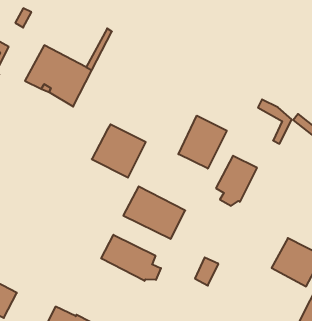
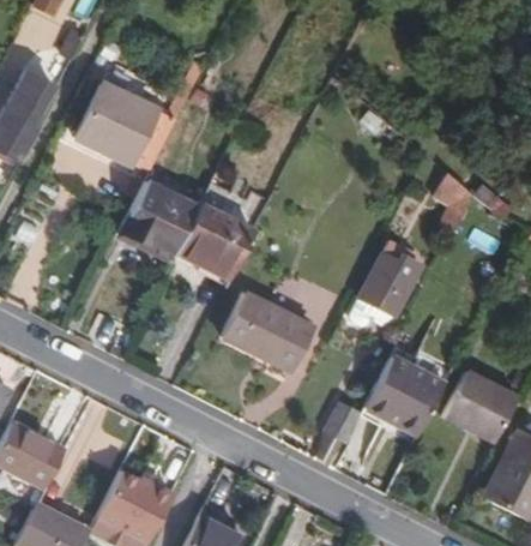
building: none -> [123,180,198,263]
building: [178,116,227,169] -> none
building: none -> [366,354,443,432]
building: [101,235,161,281] -> none

